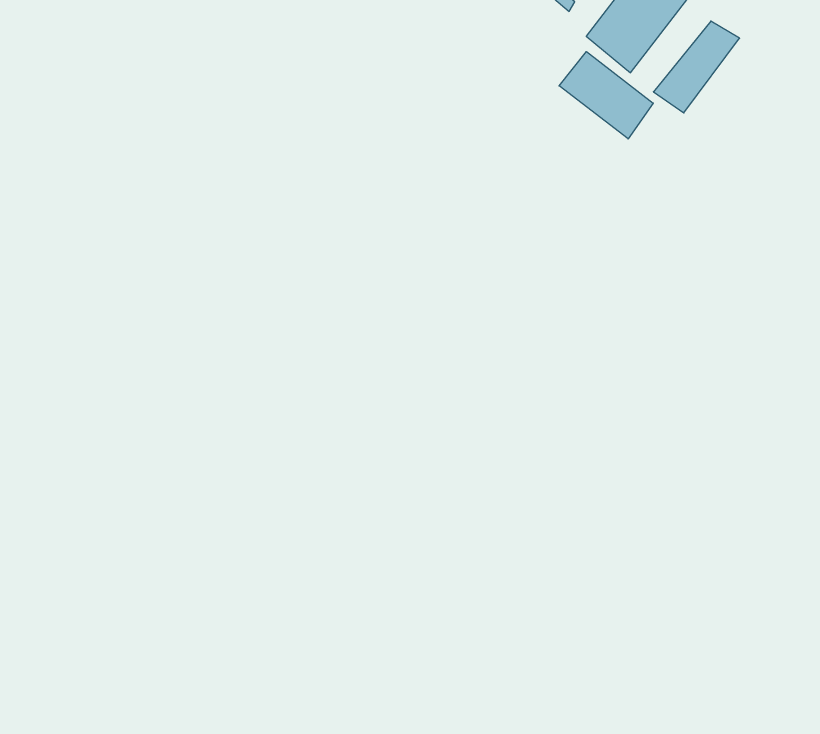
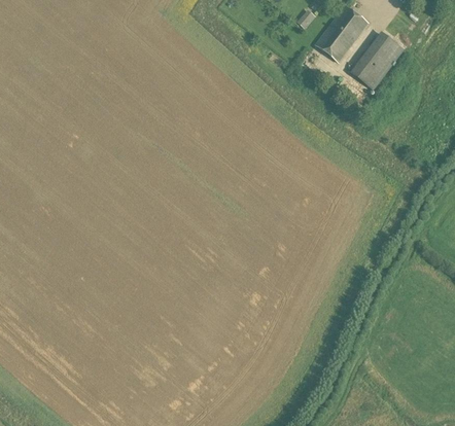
building: [559,52,653,139] -> none

